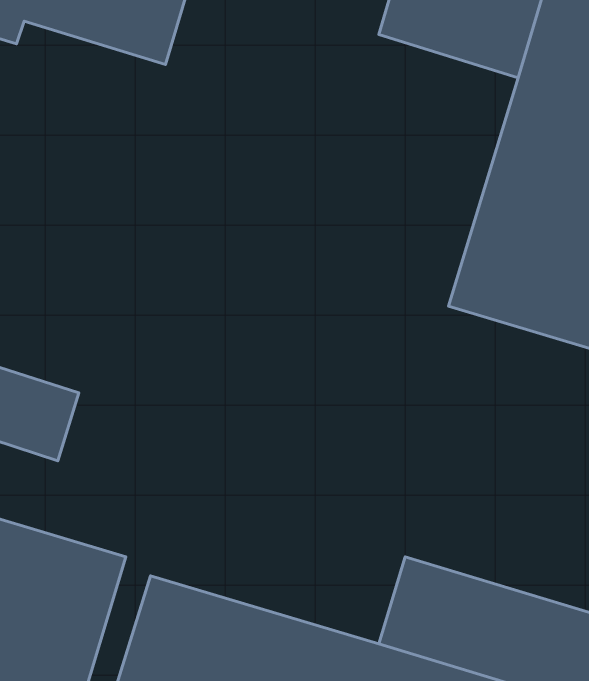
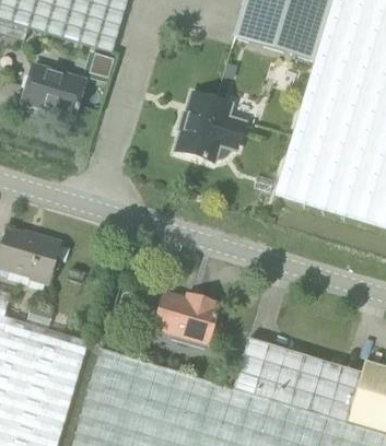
building: none -> [22,66,84,119]
building: none -> [176,94,243,162]
building: none -> [153,294,221,344]

